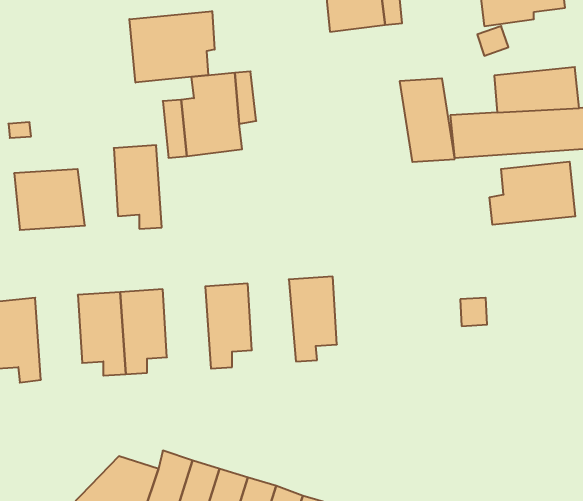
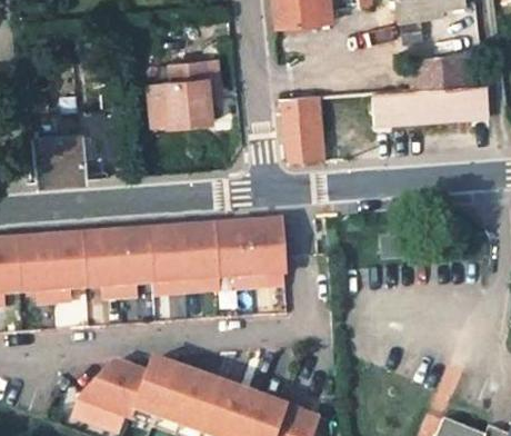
building: [129,11,215,83] -> none
building: [400,78,455,162] -> [279,98,322,164]
building: [114,145,162,229] -> [148,228,186,294]
building: [490,162,575,225] -> none
building: none -> [214,222,252,289]
building: none -> [48,235,84,301]

